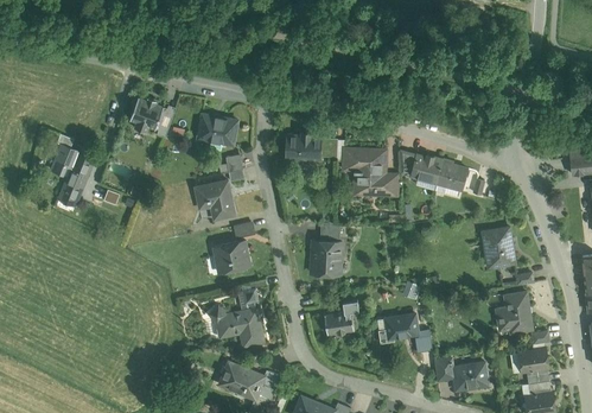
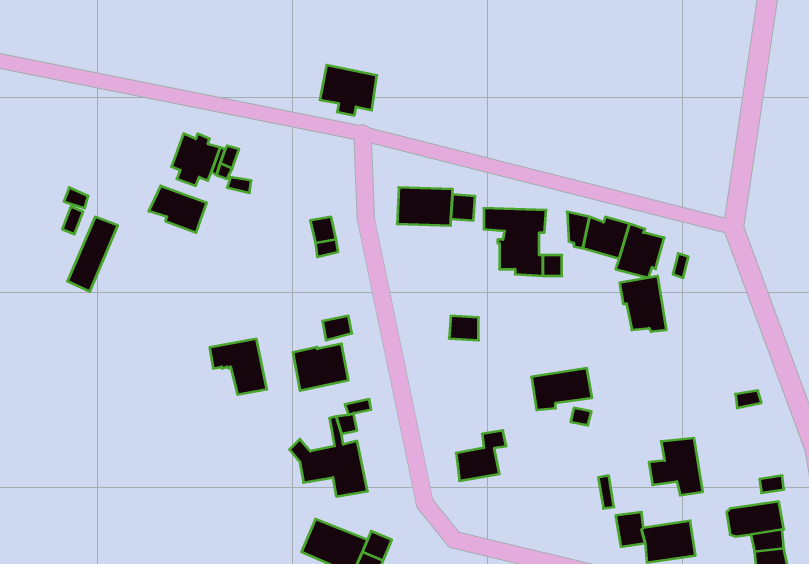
building: [198,114,237,148] -> [320,65,377,115]
building: none -> [149,186,206,233]
building: [196,180,235,218] -> [210,339,267,394]
building: [483,227,515,265] -> [620,276,666,332]
building: [311,241,342,274] -> none
building: [496,292,533,331] -> [649,438,703,495]
building: [377,313,419,342] -> [531,368,592,410]

